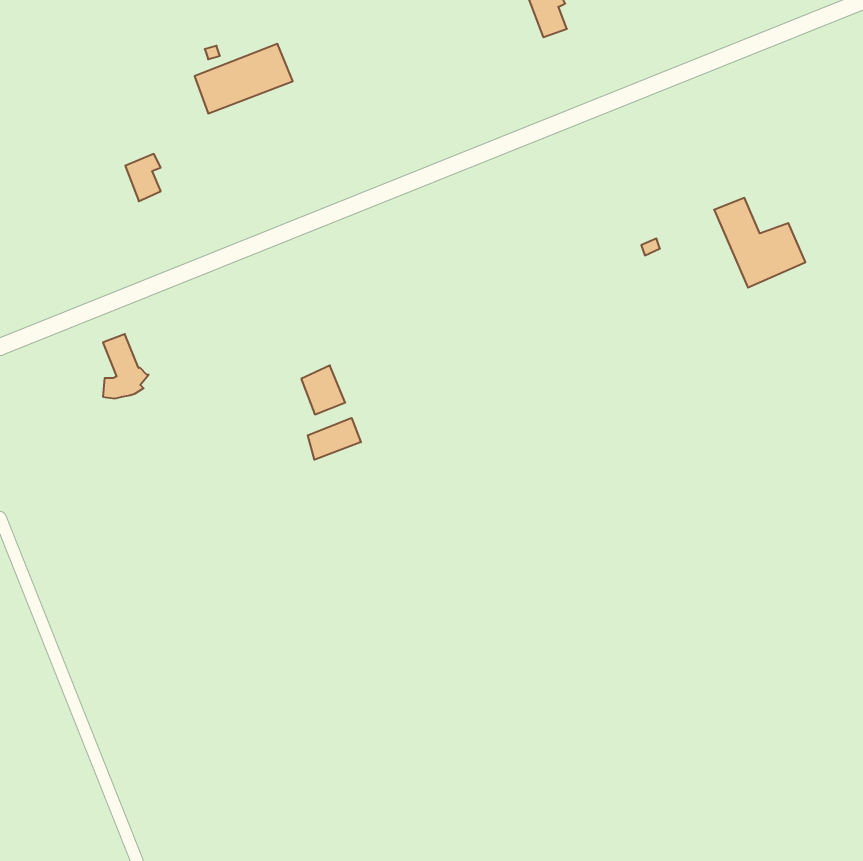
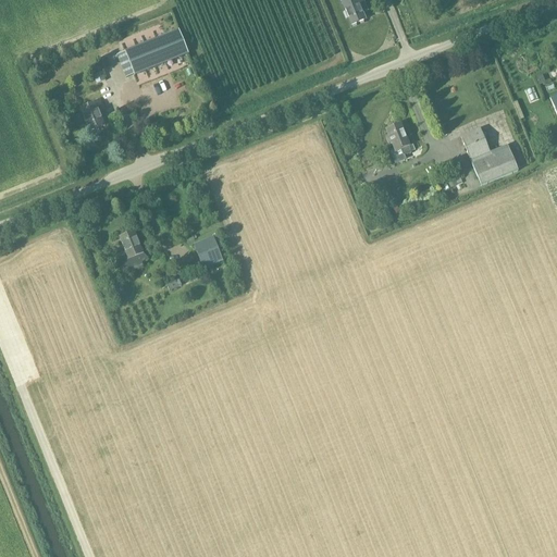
building: none -> [386,122,412,153]
building: [103,334,149,398] -> [120,230,149,271]
building: [308,418,361,460] -> none

